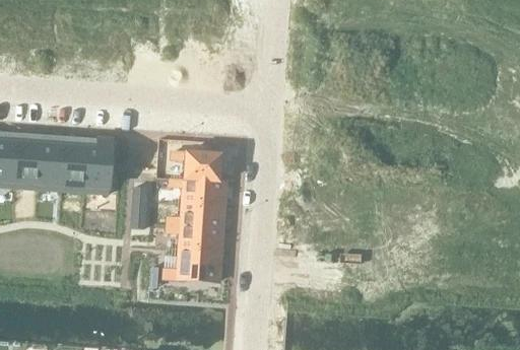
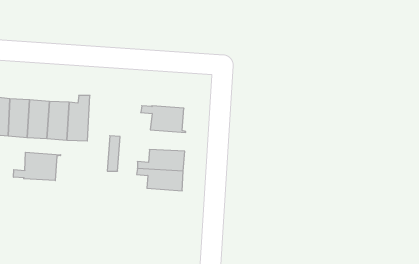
building: [170,178,224,204] -> none
building: none -> [14,152,61,181]
building: [164,248,220,280] -> none

